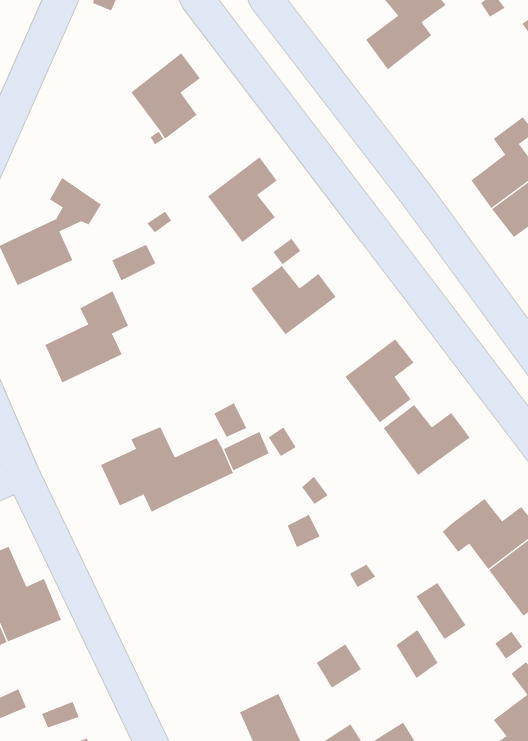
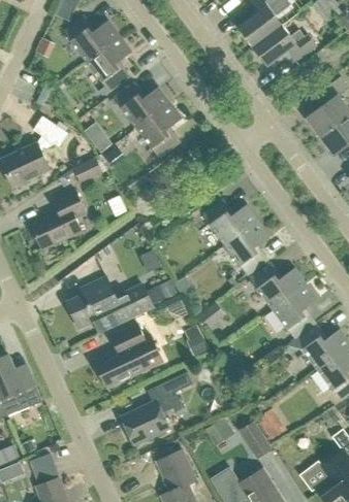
building: none -> [64,15,120,61]
building: none -> [253,24,316,66]
building: none -> [115,81,170,128]
building: [250,265,336,335] -> [202,199,258,244]
building: none -> [273,283,318,338]
building: none -> [95,323,163,387]
building: none -> [121,371,193,444]
building: [415,582,467,640] -> [240,422,273,459]

